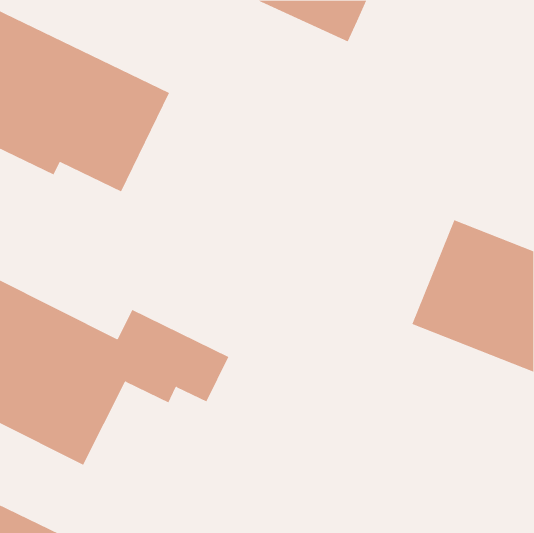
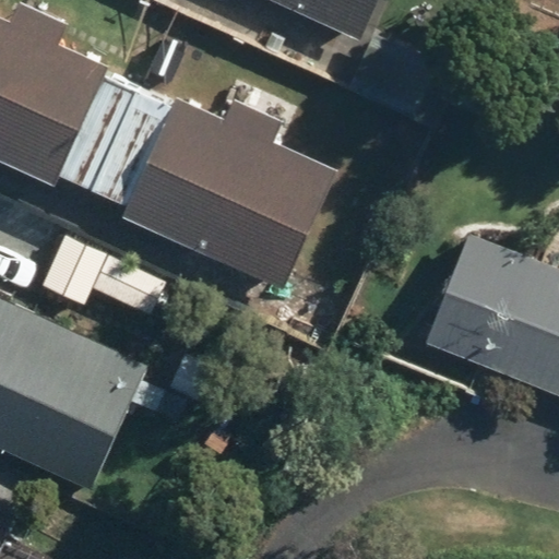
building: none -> [122,96,337,289]

